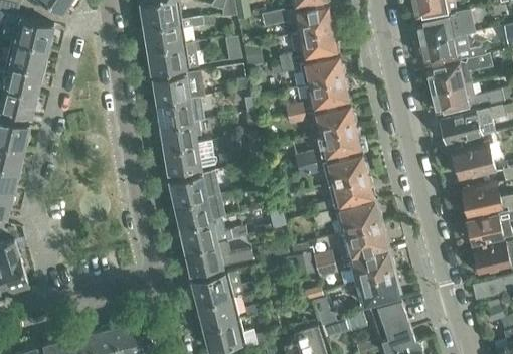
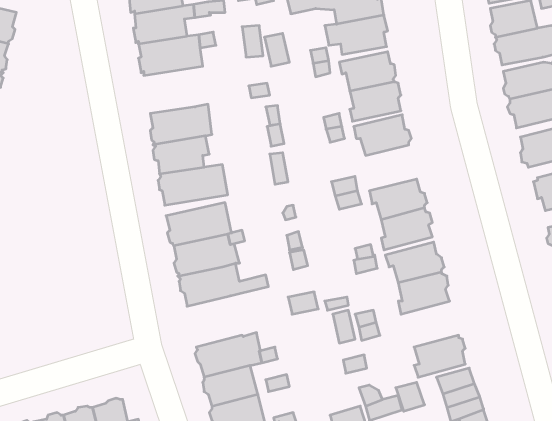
building: [153,72,205,104] -> none
building: [321,128,360,159] -> none
building: [184,241,253,275] -> none
building: [343,251,394,283] -> none

